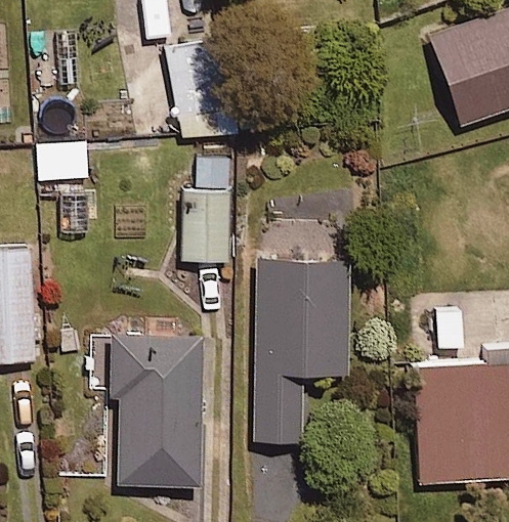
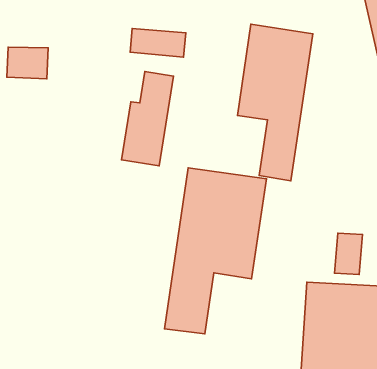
building: none -> [238,24,313,181]
building: [111,334,200,485] -> none

